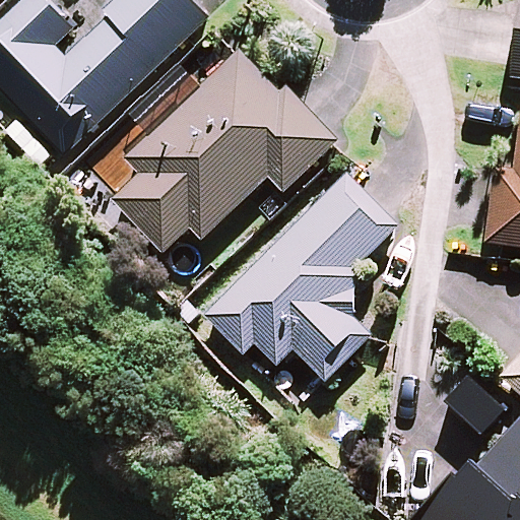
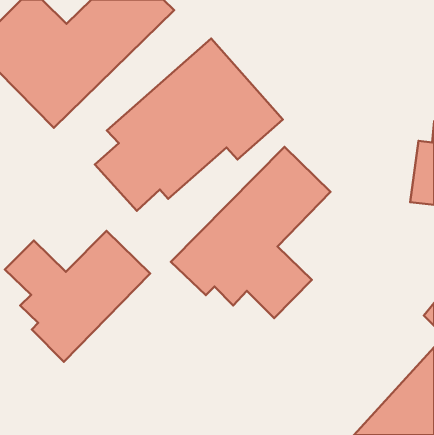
building: none -> [5,231,150,362]

